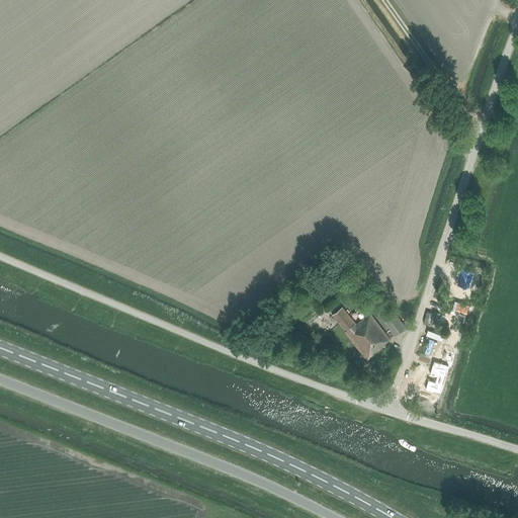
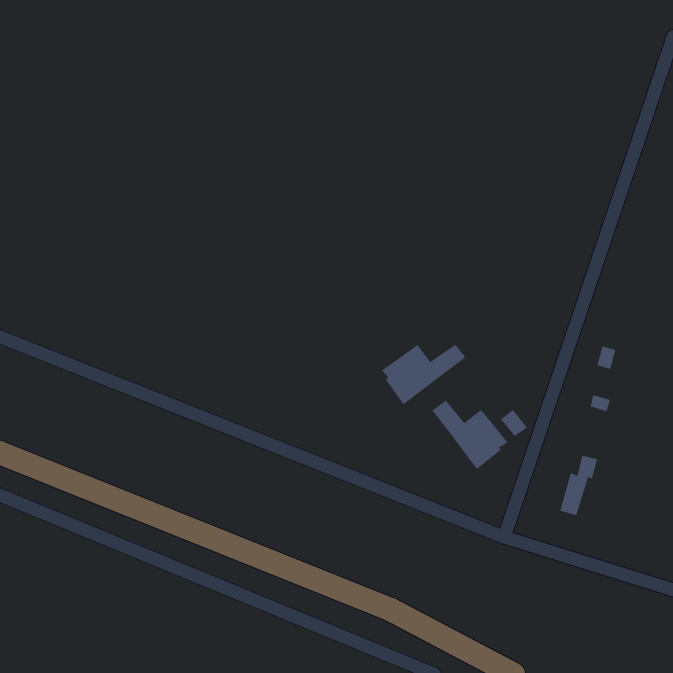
building: none -> [381,344,466,405]

